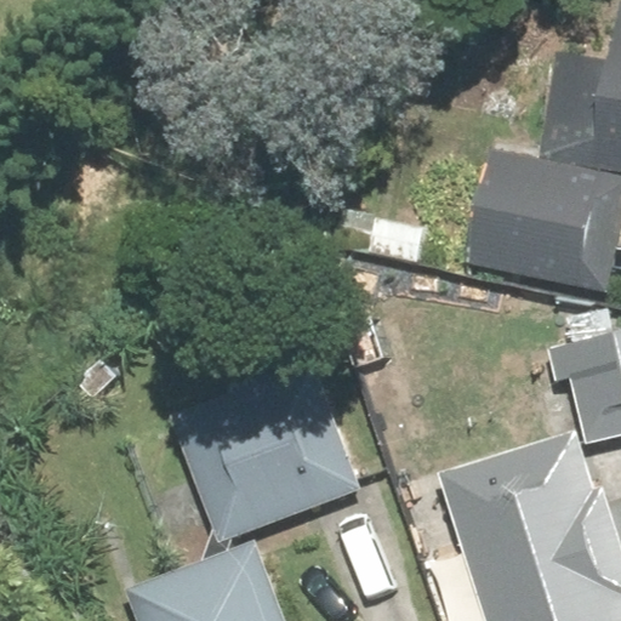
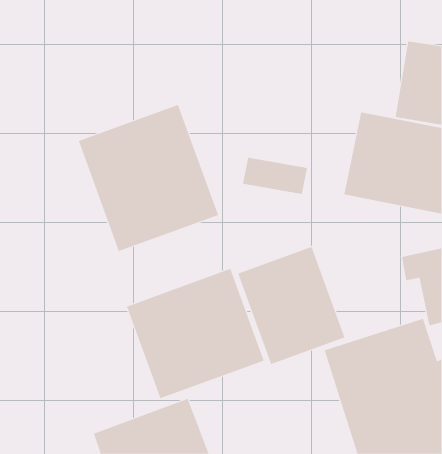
building: none -> [78,104,219,252]
building: none -> [238,246,345,365]

